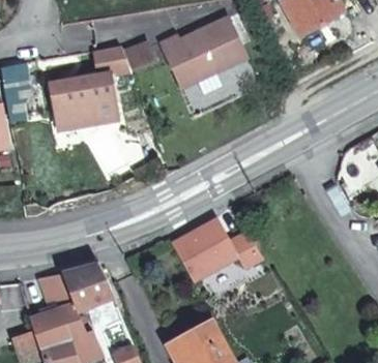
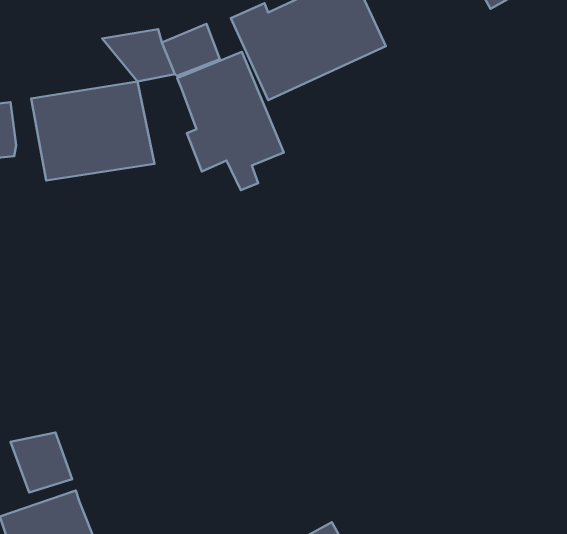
building: none -> [177,52,284,190]
building: [172,219,263,282] -> none
building: [62,263,113,309] -> none

